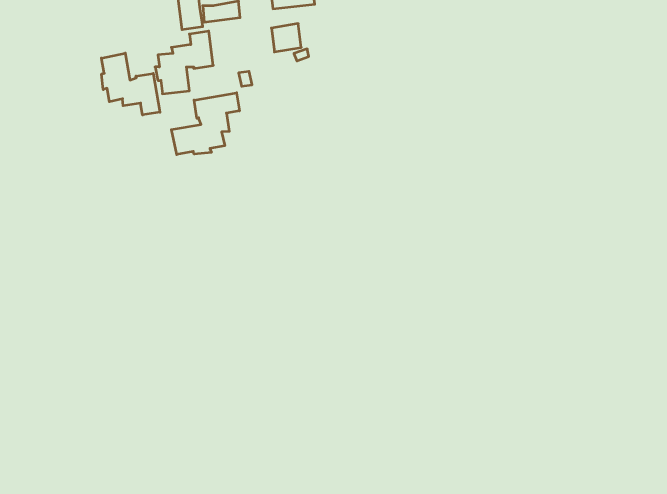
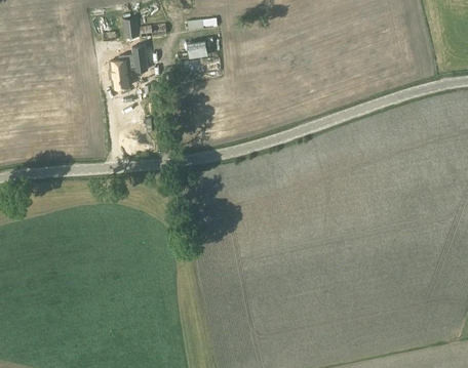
building: [101,53,160,115] -> none
building: [171,93,239,155] -> none

